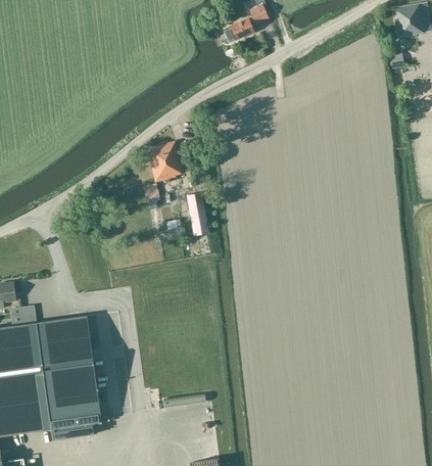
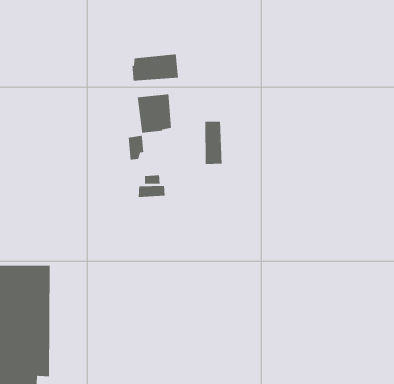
building: none -> [131,53,179,82]
building: [186,193,208,236] -> [205,121,223,165]

